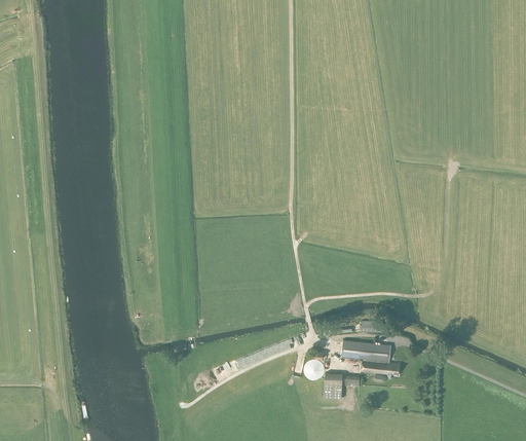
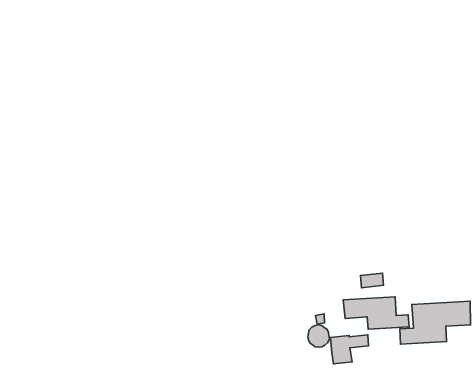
building: none -> [400,301,471,344]

